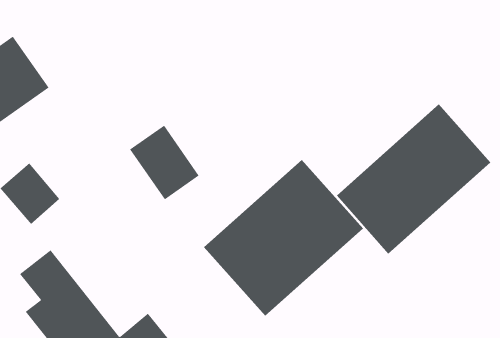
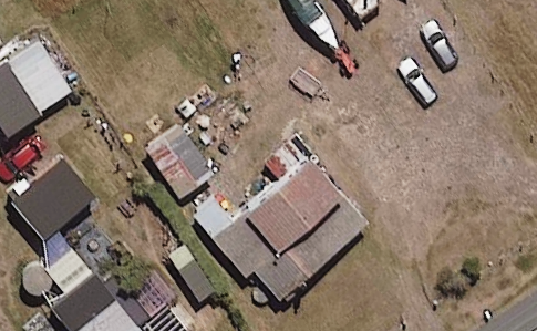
building: [336,103,491,254] -> none

